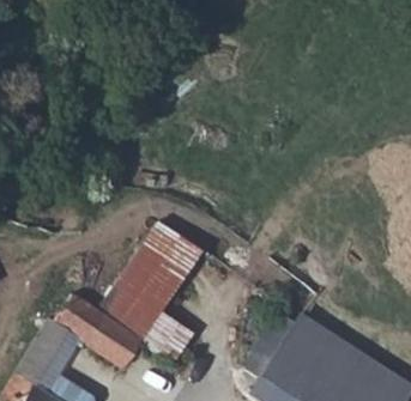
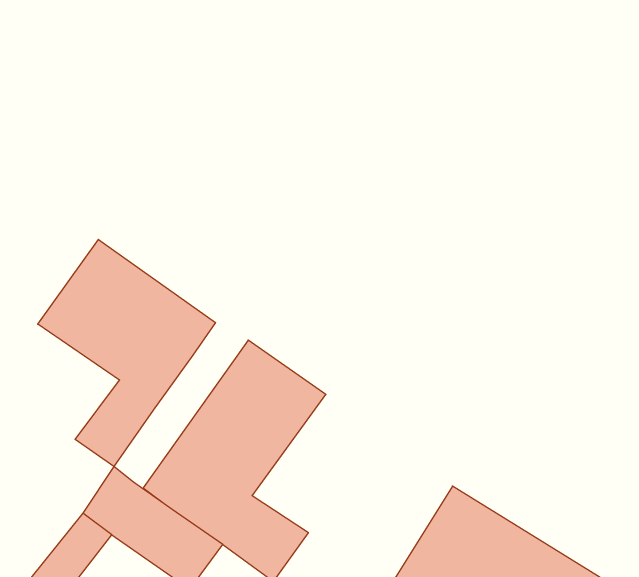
building: none -> [38,239,216,467]

